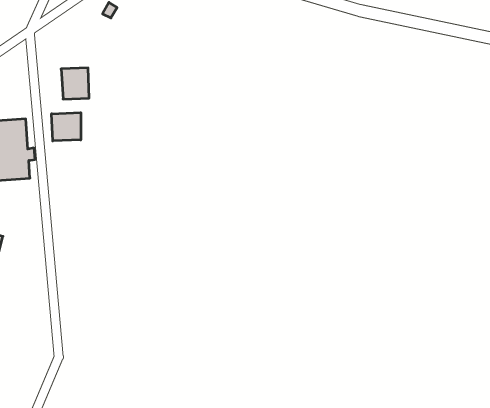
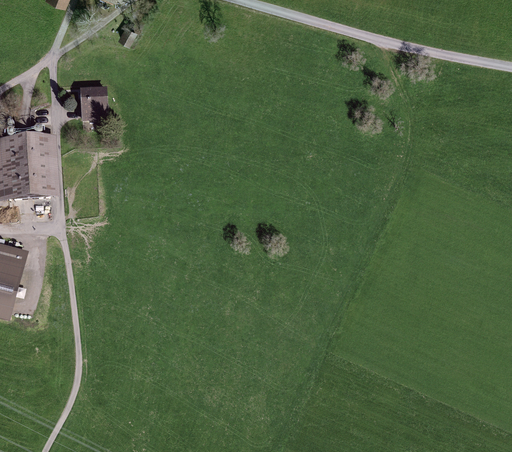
building: [52,113,81,141] -> none

